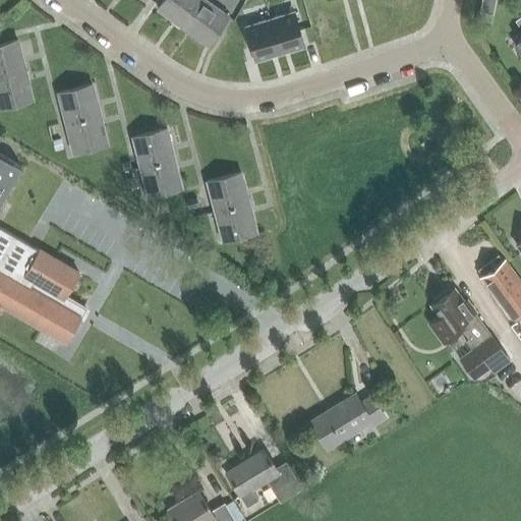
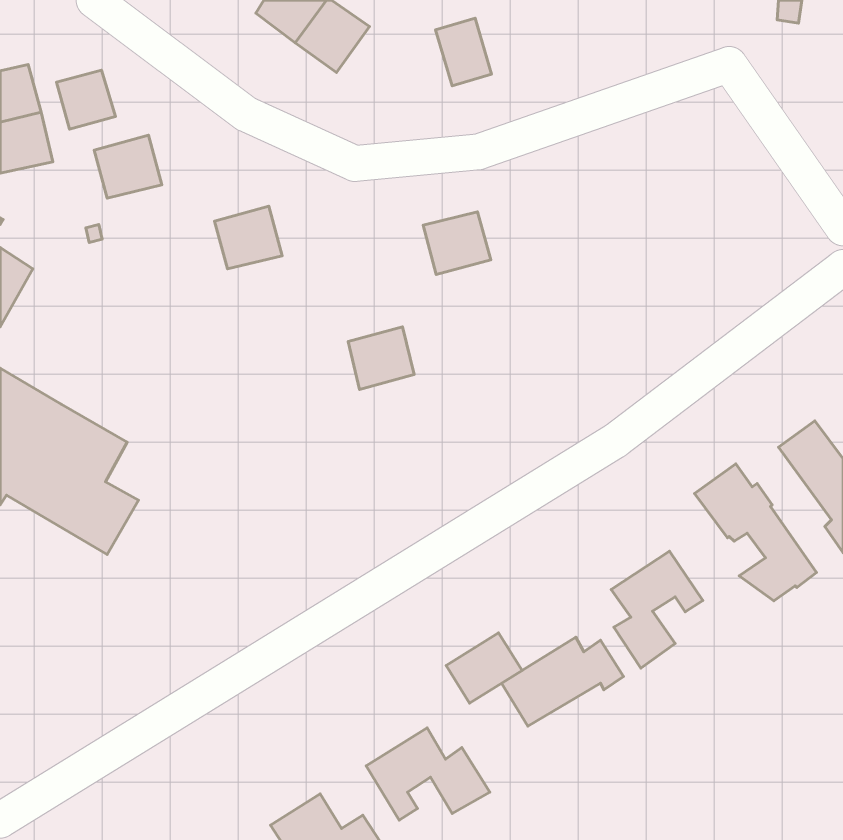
building: [244,20,279,63] -> none
building: none -> [57,70,116,129]
building: [66,116,107,155] -> none
building: [140,160,181,198] -> none
building: [207,174,248,213] -> [423,212,491,275]
building: none -> [611,551,703,668]
building: none -> [446,633,522,703]

